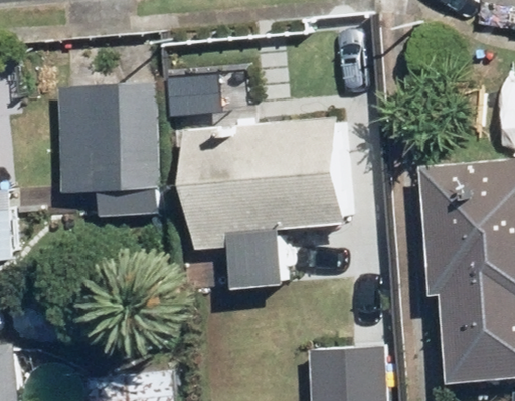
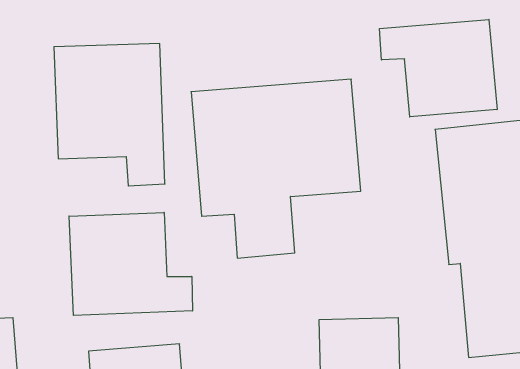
building: none -> [380,19,497,117]
building: none -> [69,212,192,315]

